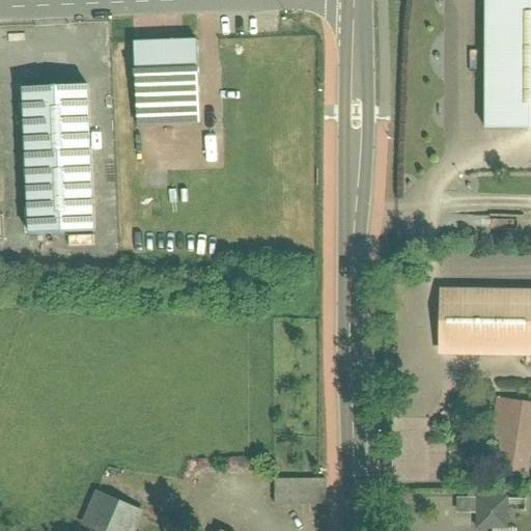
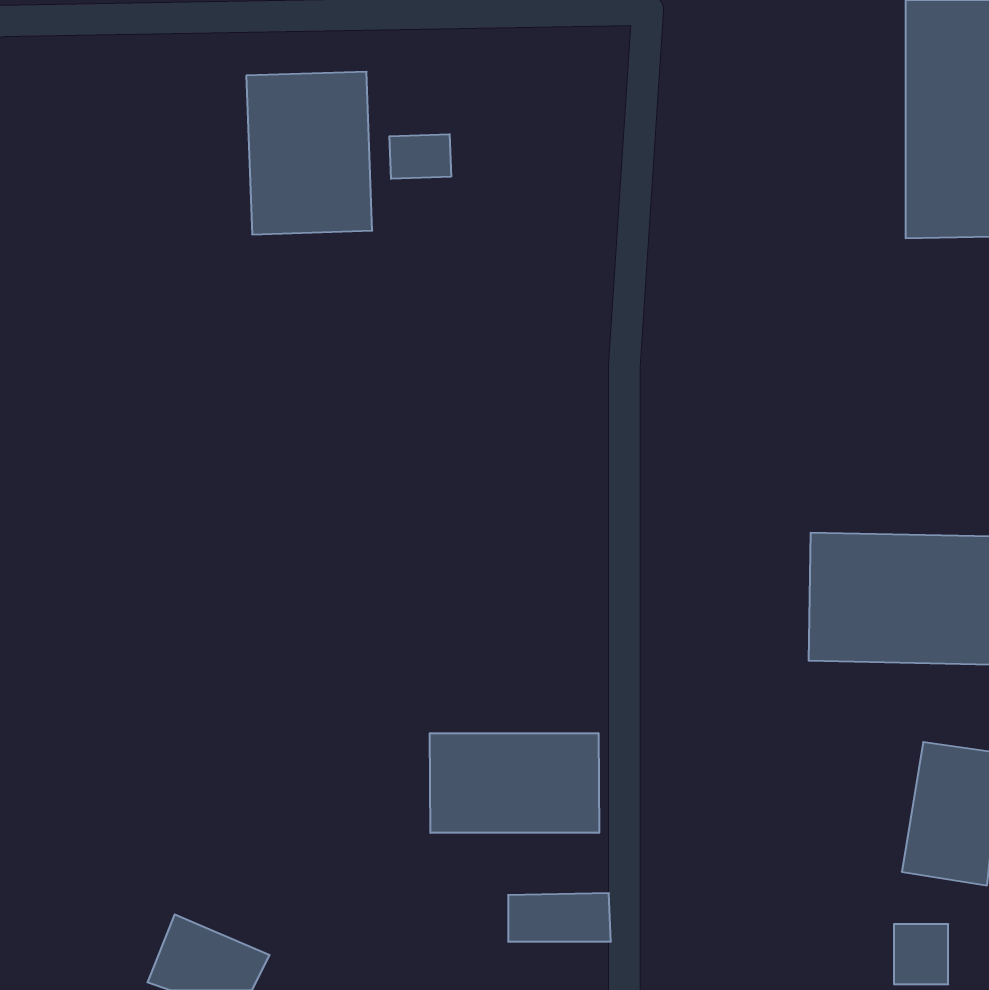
building: none -> [389,134,451,179]
building: [19,82,94,234] -> none
building: none -> [430,733,599,833]

